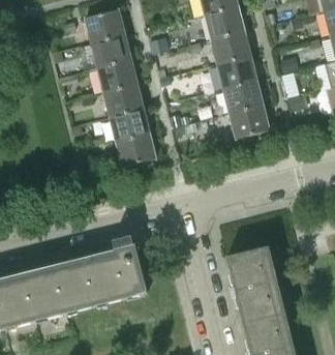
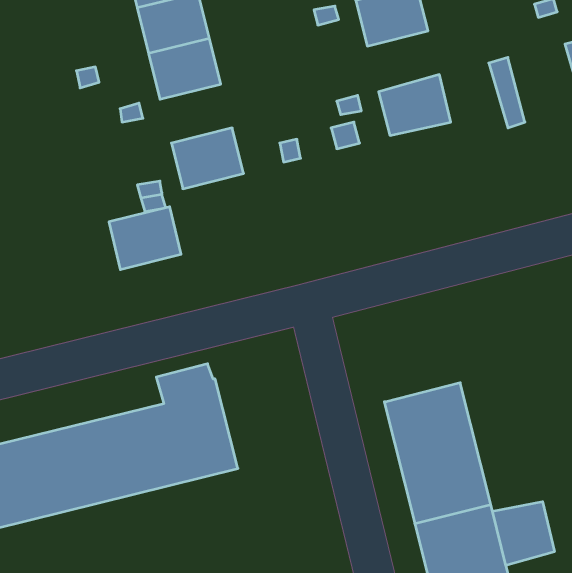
building: [216,54,255,87] -> none
building: [103,83,143,115] -> none
building: [229,103,268,137] -> none
building: [116,131,155,166] -> [109,207,181,270]
building: none -> [492,502,554,565]

